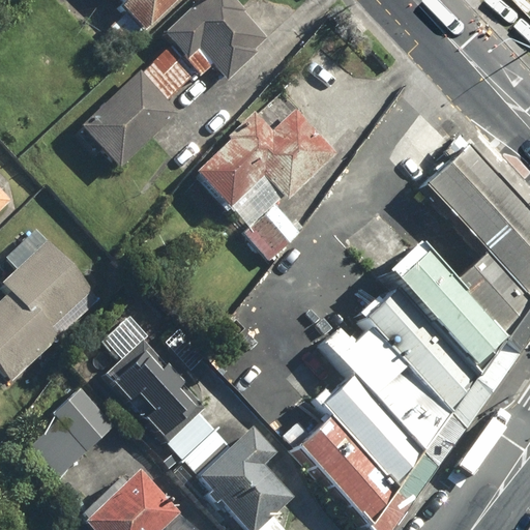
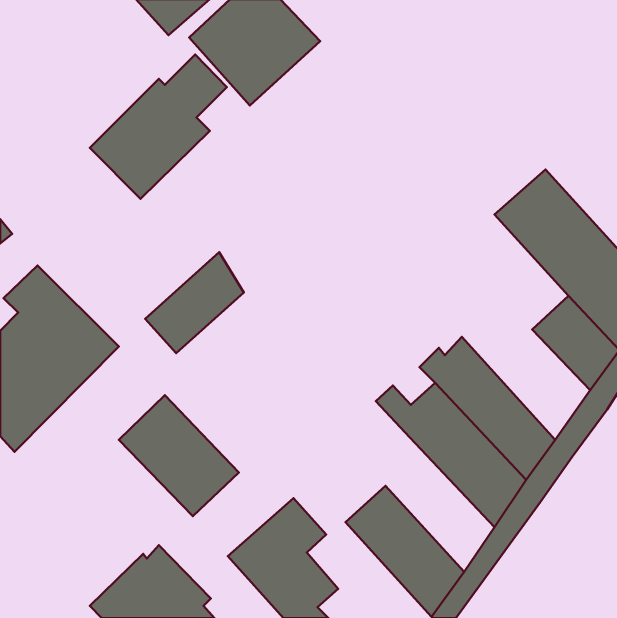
building: [195,104,338,262] -> none
building: none -> [145,252,244,353]
building: [385,243,506,376] -> none
building: [321,374,424,489] -> none
building: [27,385,116,479] -> none
building: [167,414,226,473] -> none

